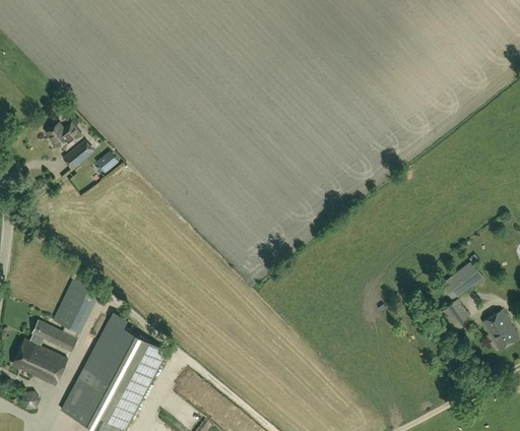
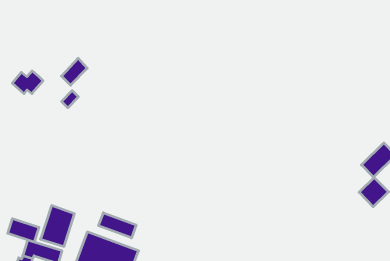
building: [60,138,91,169] -> [61,58,87,85]
building: none -> [8,219,39,242]
building: none -> [99,213,136,238]

